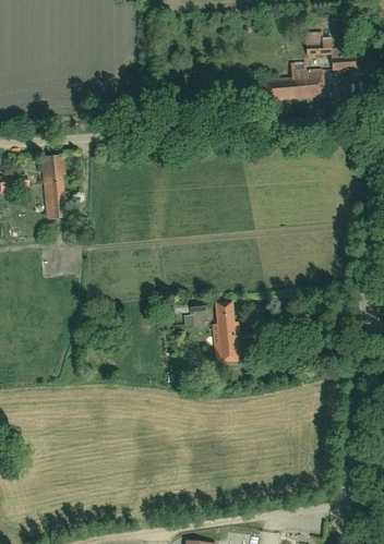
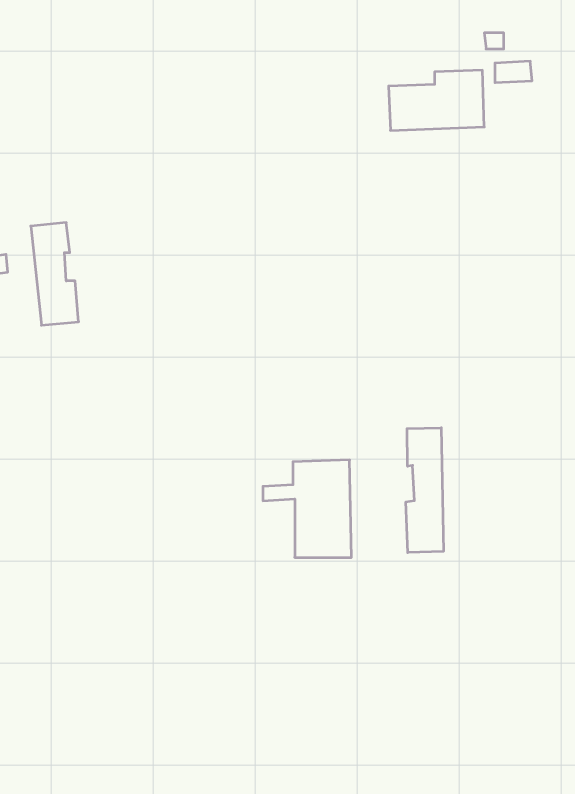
building: none -> [406,428,443,553]

